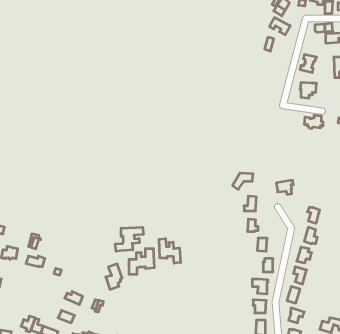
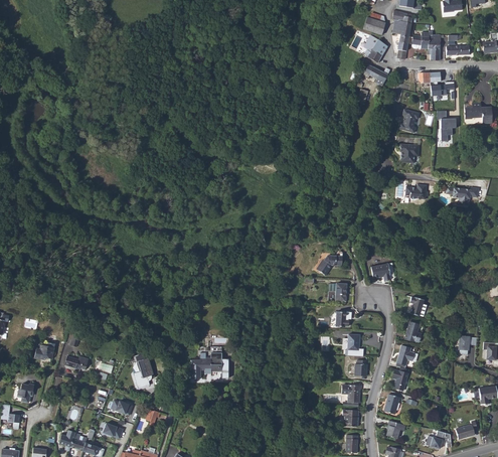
building: [115,227,143,251] -> none
building: [159,239,181,263] -> none
building: [106,264,122,289] -> [133,357,153,389]

